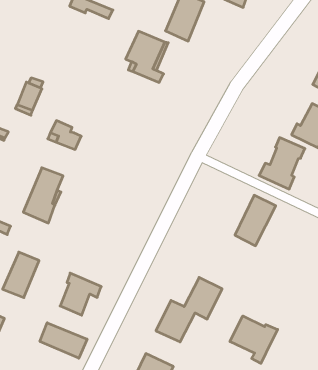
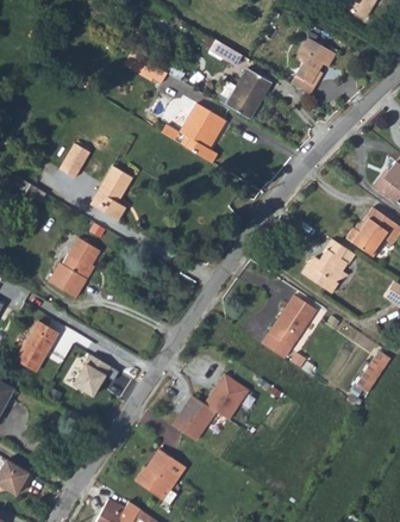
building: none -> [98,164,130,197]
building: [230,316,278,363] -> none
building: [40,323,87,358] -> none

